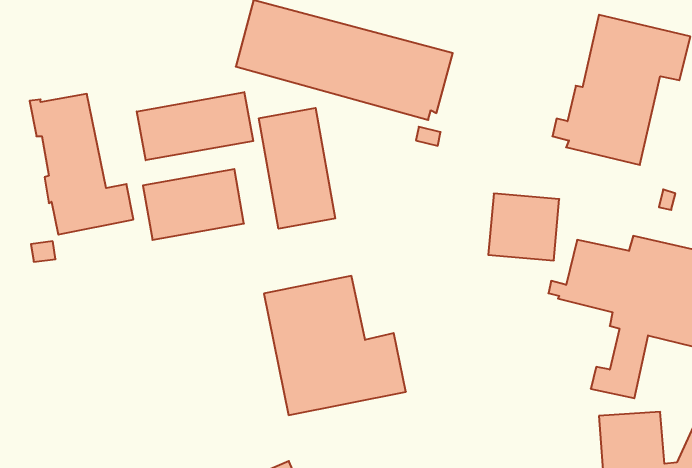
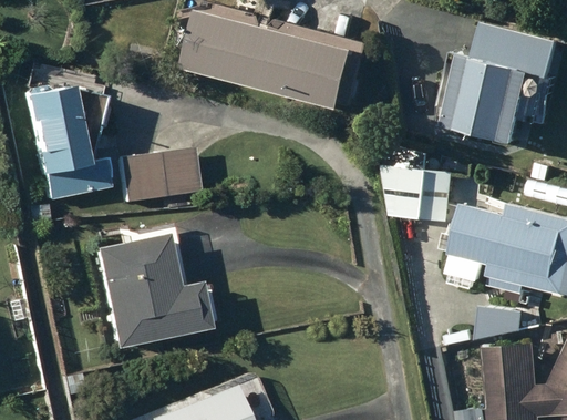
building: [137,92,253,160] -> none
building: [259,108,335,229] -> none
building: [264,276,406,415] -> [95,236,210,349]

